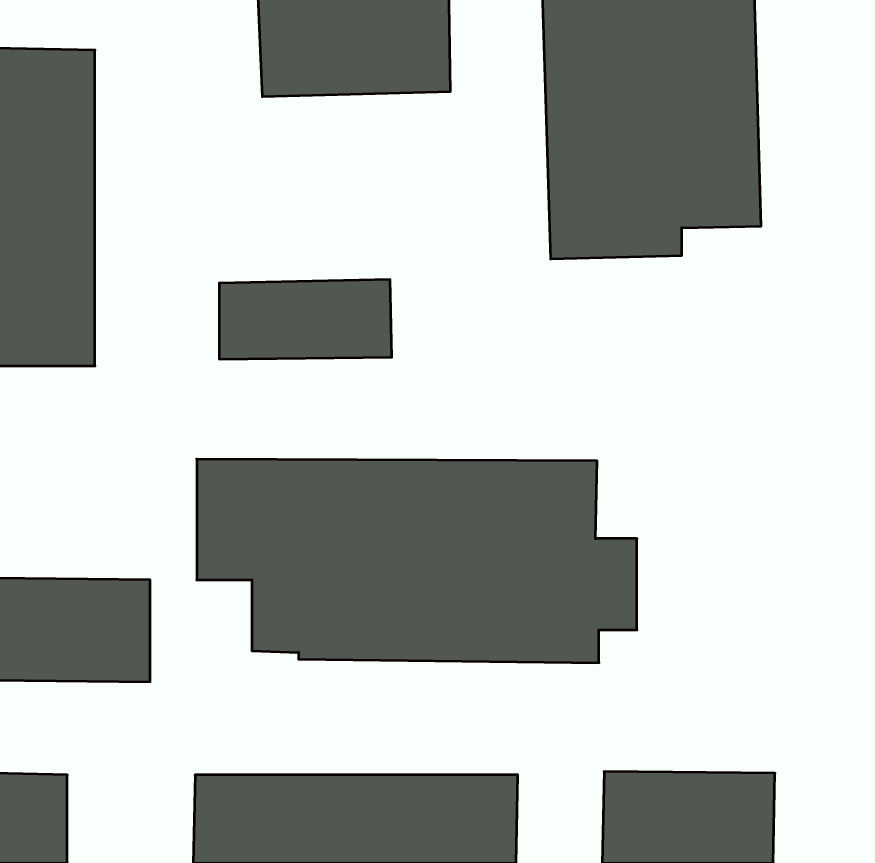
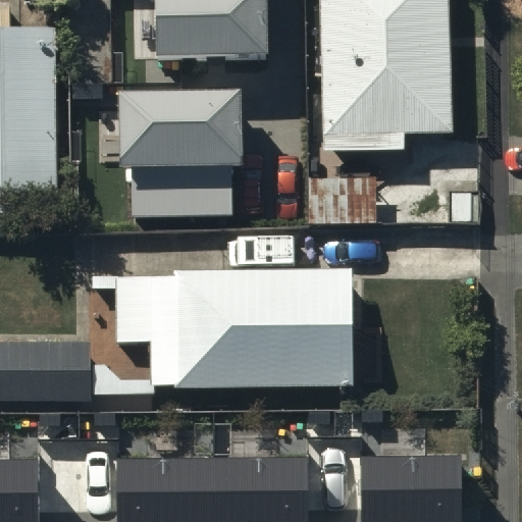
building: none -> [117,89,239,167]

